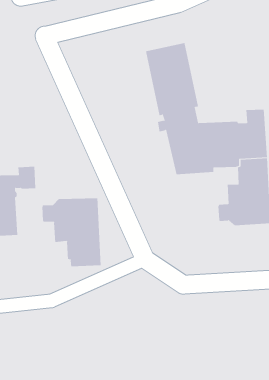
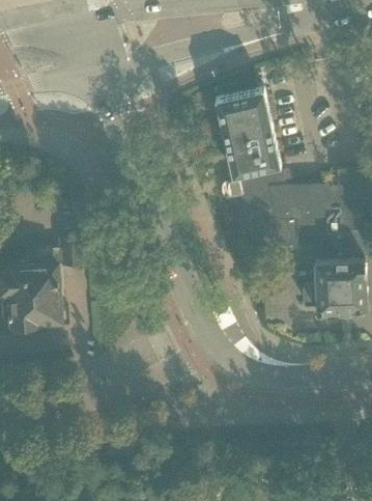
building: [42,197,101,267] -> none

